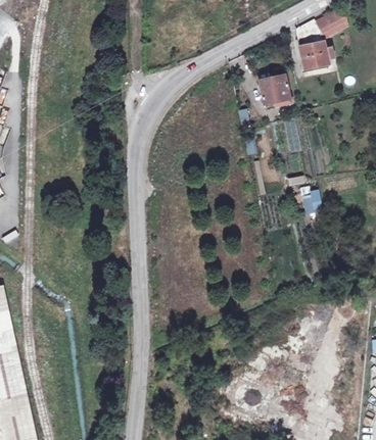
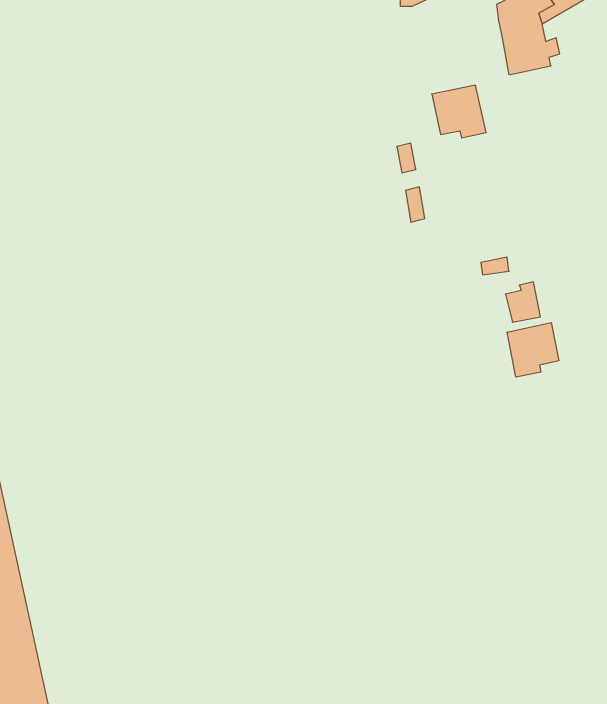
building: none -> [507,323,559,377]

